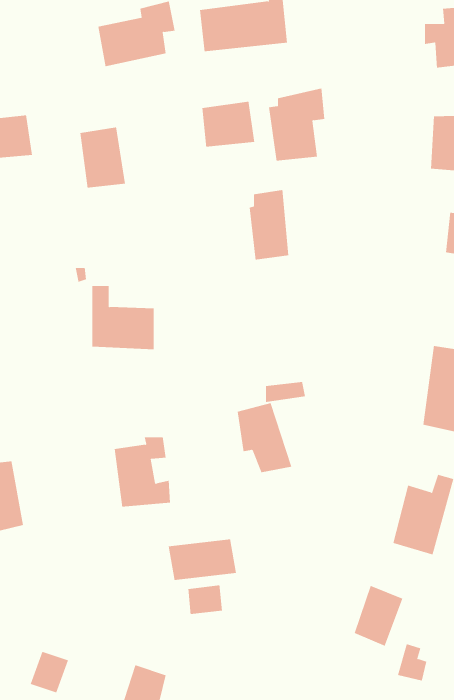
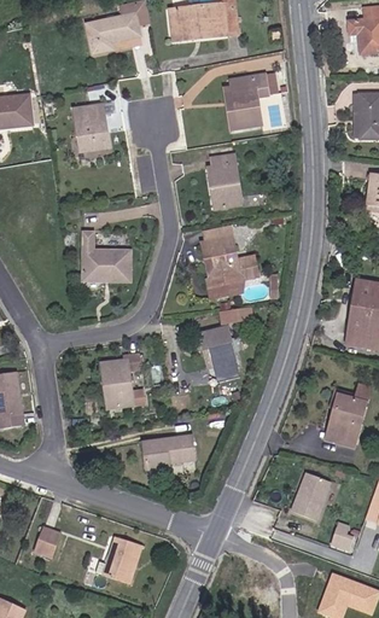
building: [202,101,255,148] -> none
building: none -> [199,226,260,298]
building: [188,585,222,615] -> none

